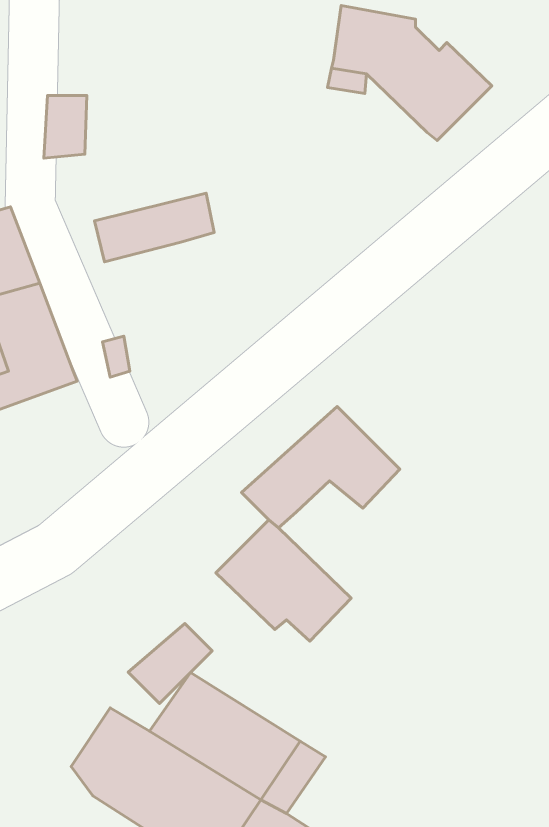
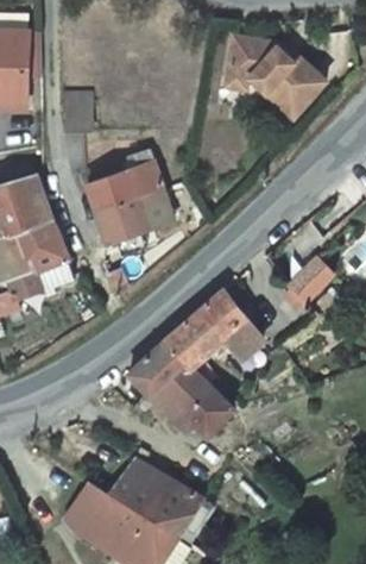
building: none -> [87,194,169,253]
building: none -> [288,257,337,309]
building: [128,623,212,704] -> [135,346,187,395]

